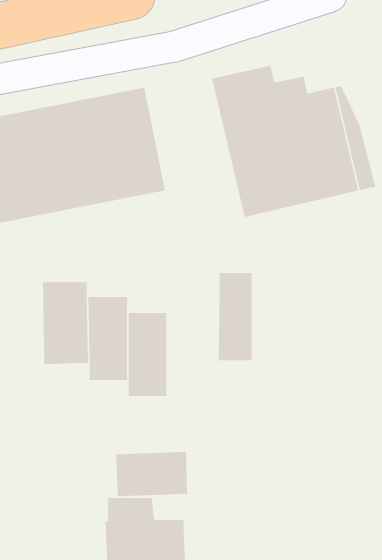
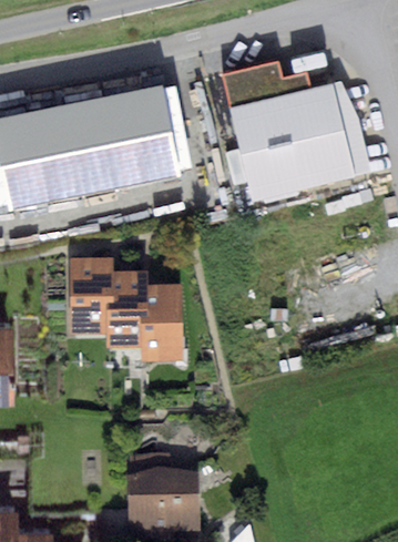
building: [218,272,253,361] -> none
building: [115,451,188,497] -> none

